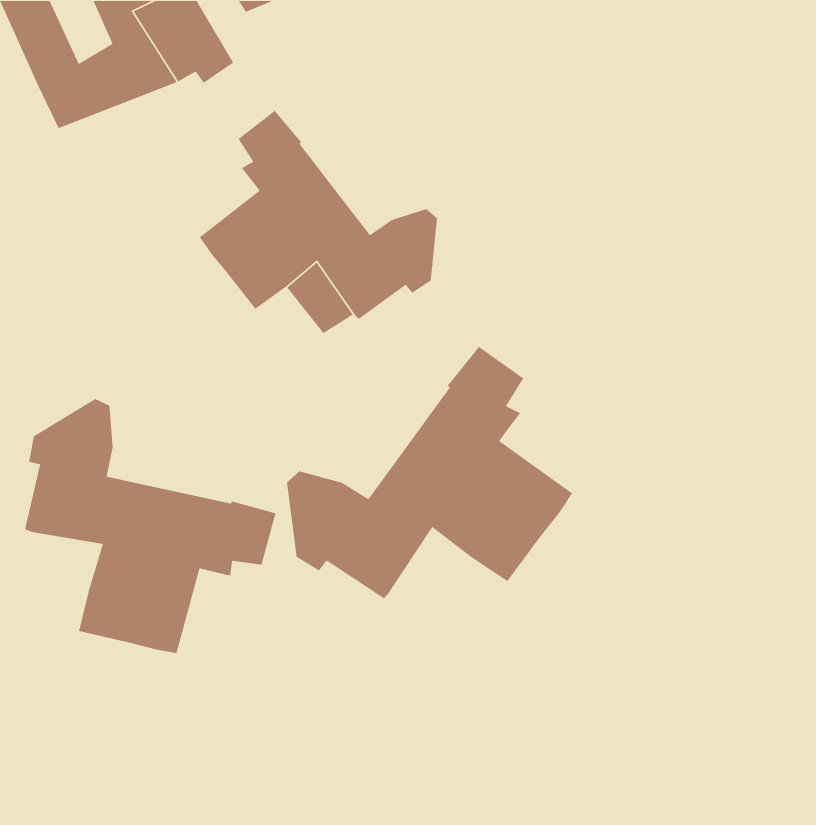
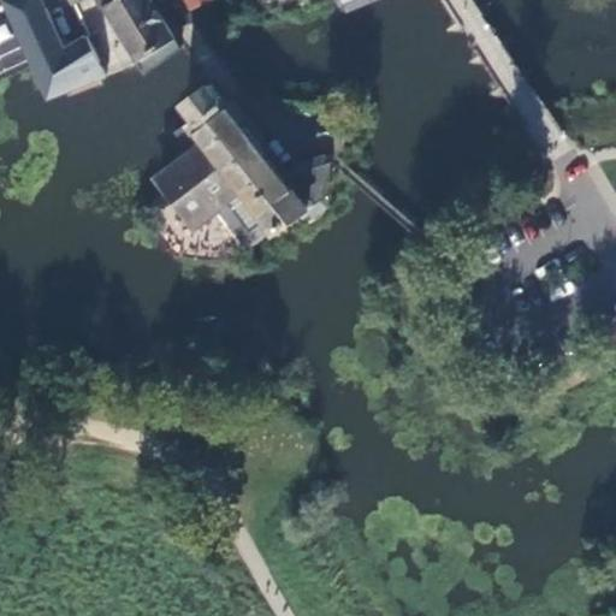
building: [286,346,573,599] -> none
building: [24,398,276,654] -> none

